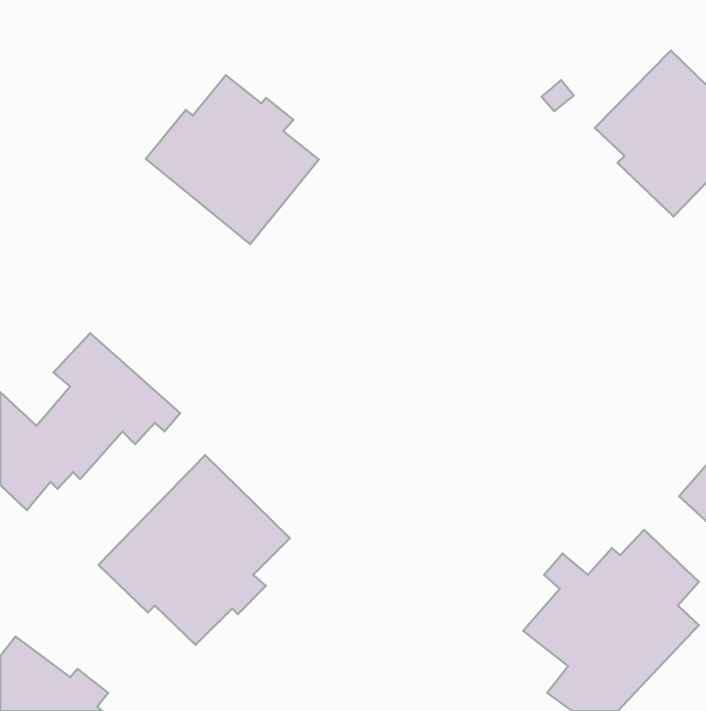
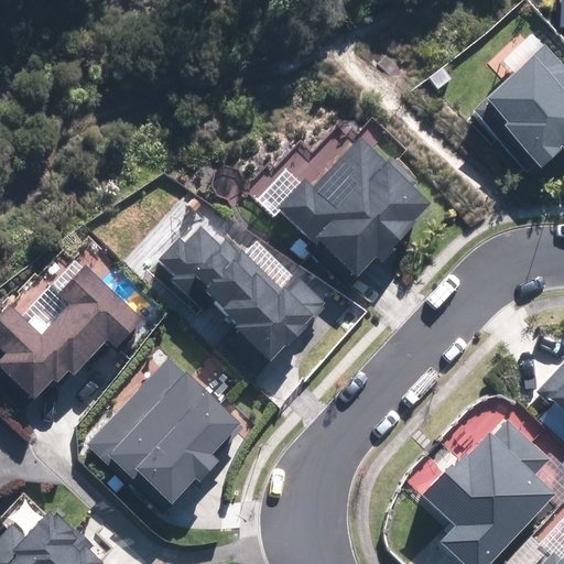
building: [146,75,319,244] -> none
building: none -> [259,140,425,278]
building: none -> [158,225,330,361]

